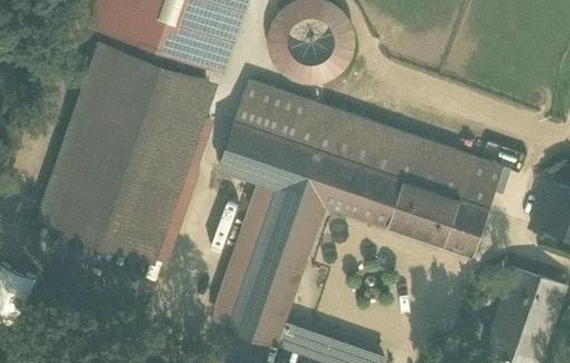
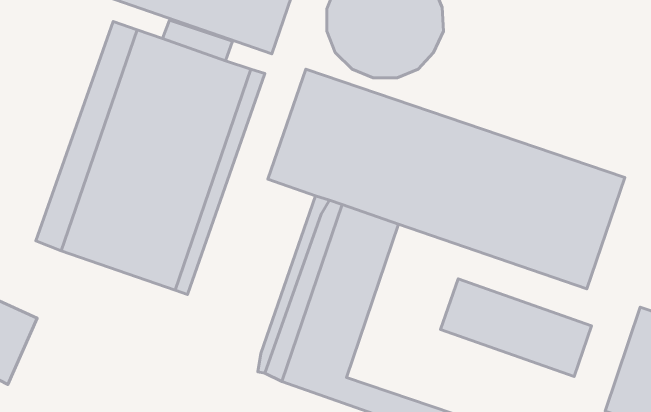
building: none -> [441,279,592,376]

